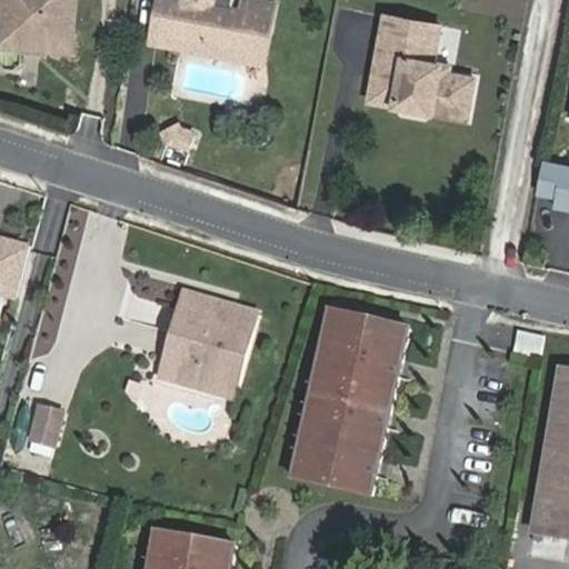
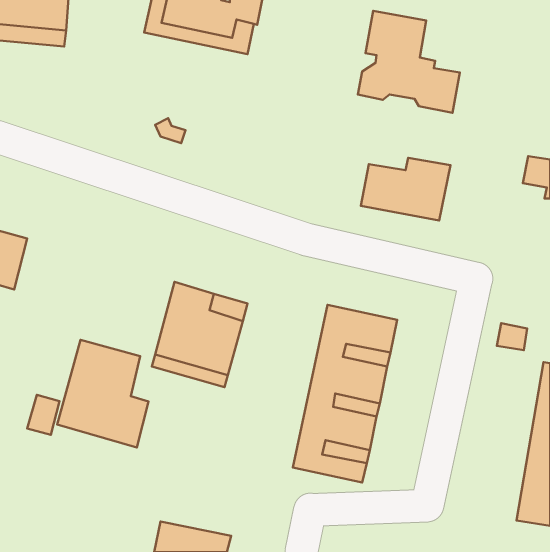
building: none -> [361,158,451,220]
building: none -> [57,340,149,448]

